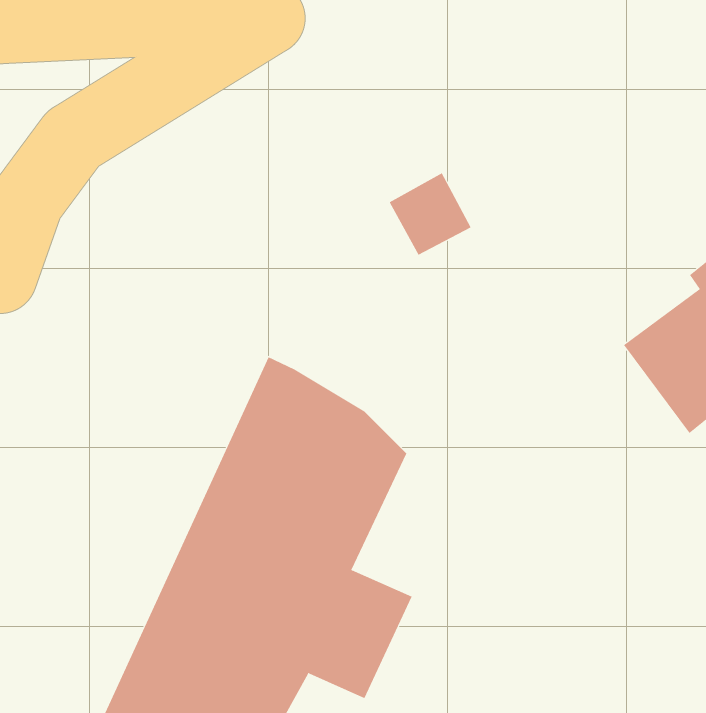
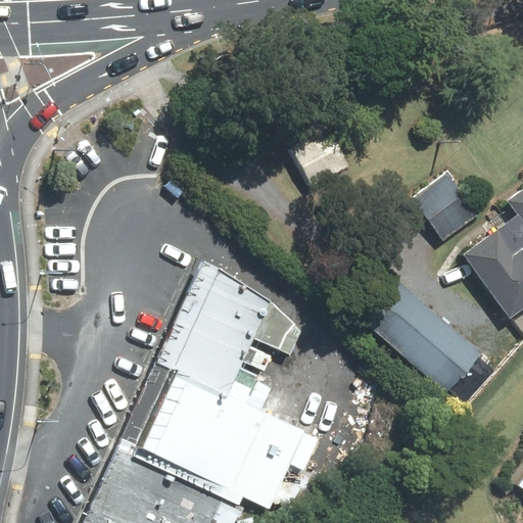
building: none -> [414,175,482,243]
building: none -> [365,282,482,394]

